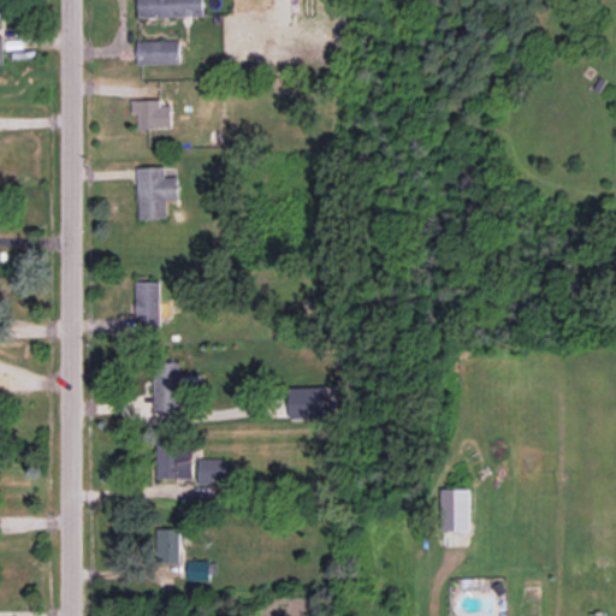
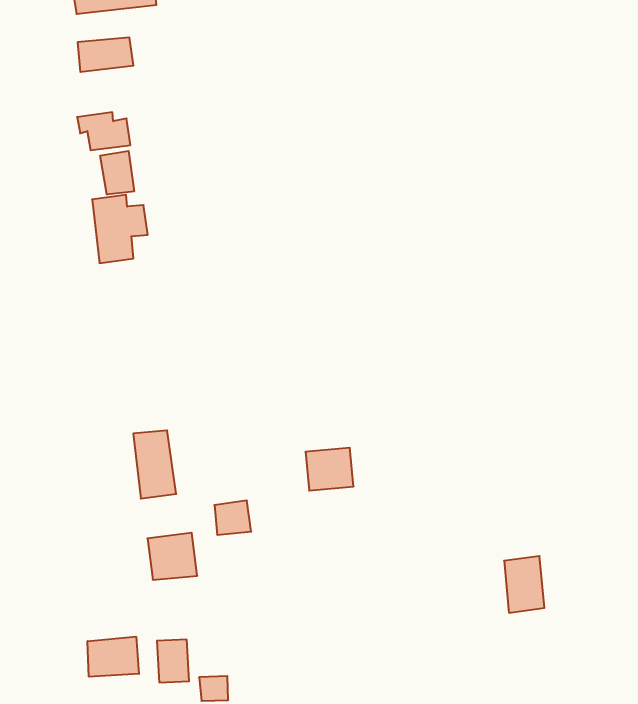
building: none -> [100,151,134,195]
building: [134,282,170,330] -> none
building: [197,458,225,484] -> [214,501,251,535]
building: none -> [88,637,139,677]

